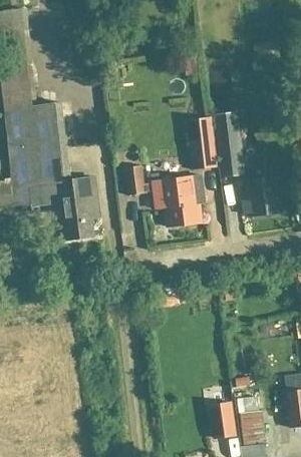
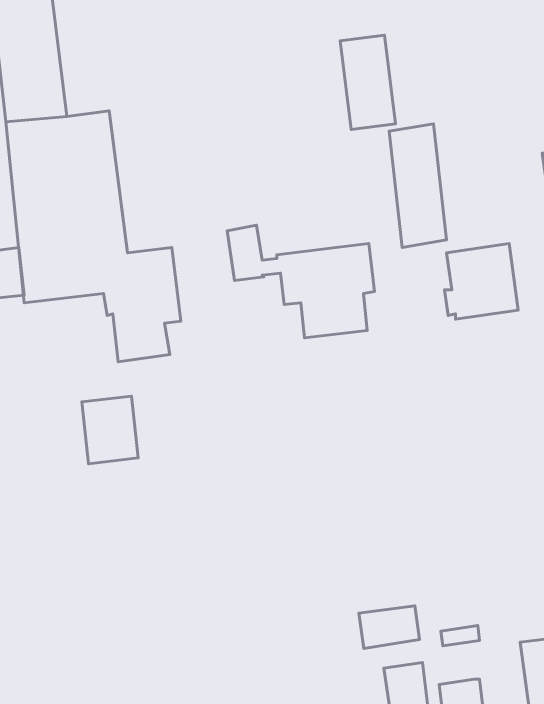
building: [186,117,216,168] -> [340,35,395,129]
building: none -> [82,396,138,464]
building: none -> [359,606,419,649]

